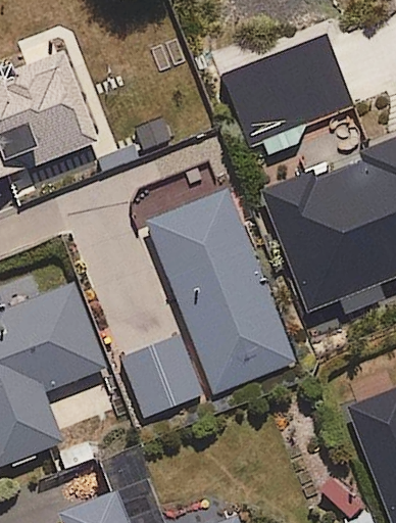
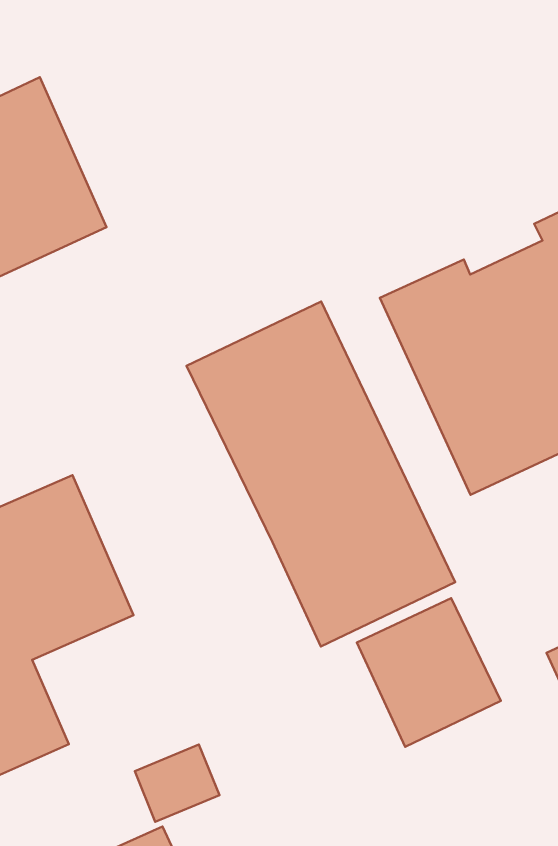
building: [220,34,351,150] -> none
building: [123,334,206,420] -> [357,598,501,747]

